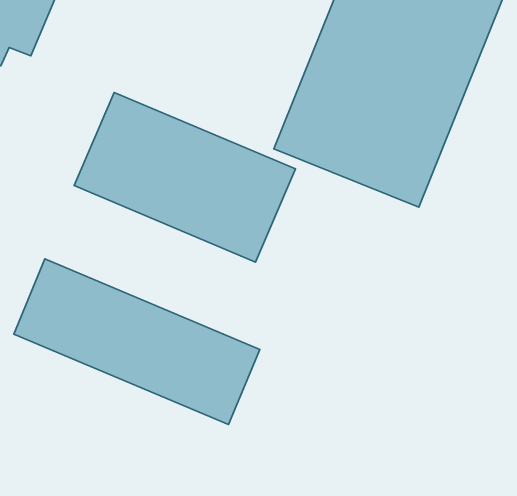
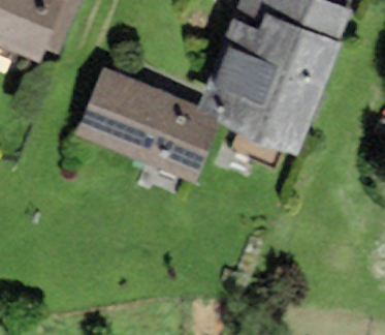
building: [14,259,260,425] -> none

